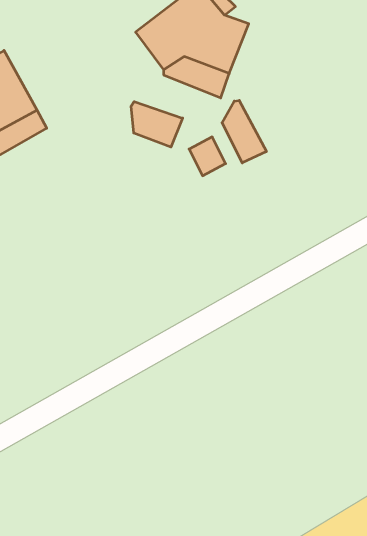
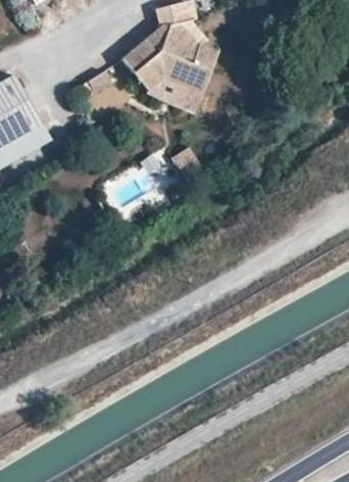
building: [222,100,266,163] -> none
building: [131,102,183,147] -> none

